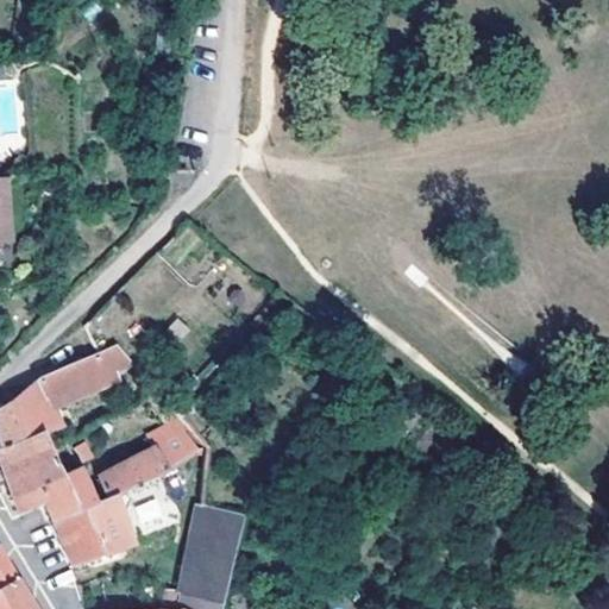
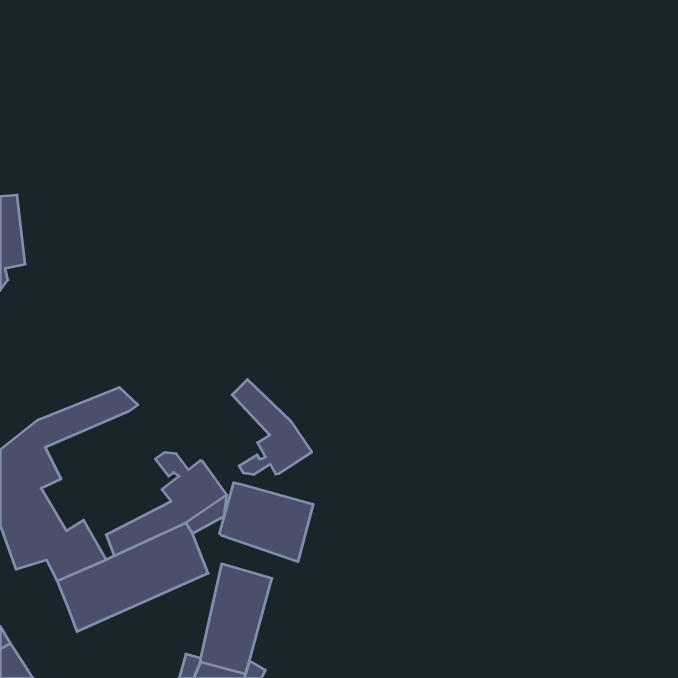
building: none -> [232,379,312,475]
building: none -> [219,483,313,562]

